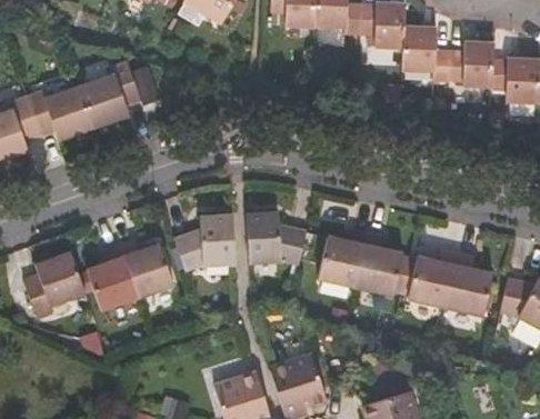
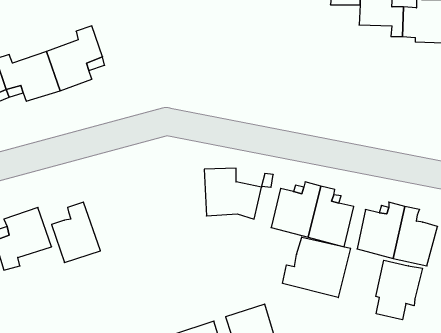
building: [173,217,232,271] -> none
building: [119,245,172,301] -> none
building: none -> [283,237,351,298]
building: none -> [376,260,422,320]

